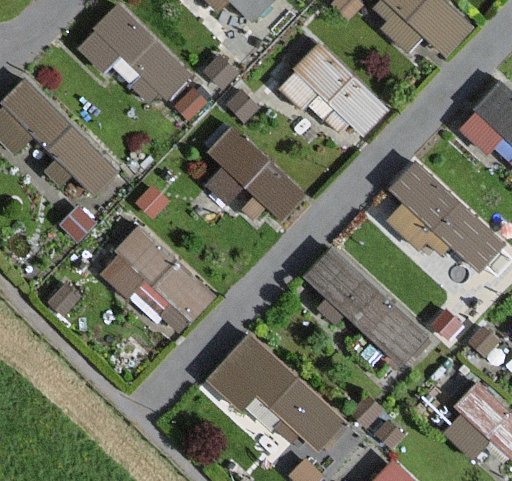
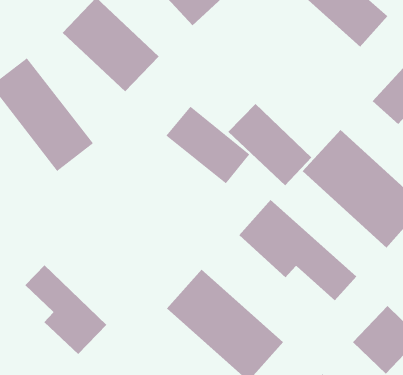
building: [284,44,387,145] -> [228,103,312,186]
building: [102,224,217,338] -> none
building: none -> [25,264,107,355]

